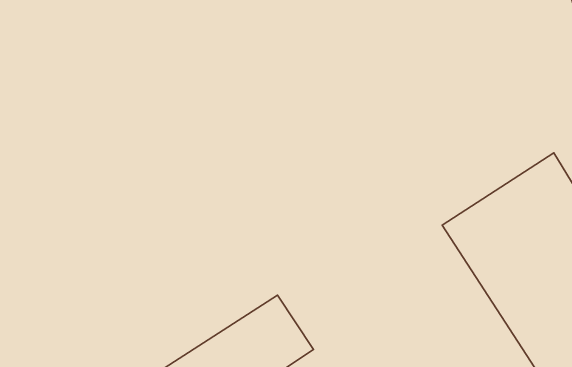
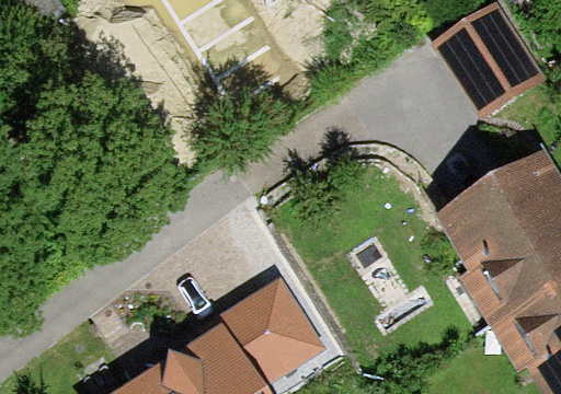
building: none -> [432,8,535,116]

